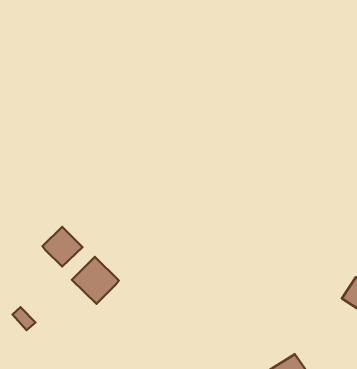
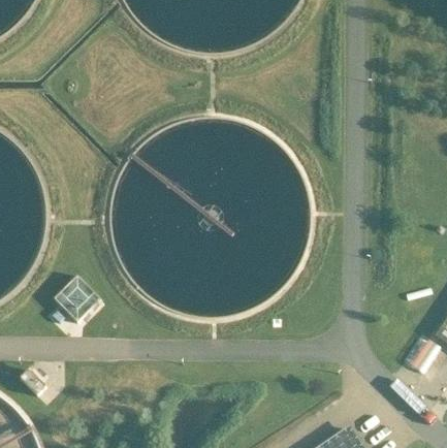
building: [72,257,119,304] -> none

